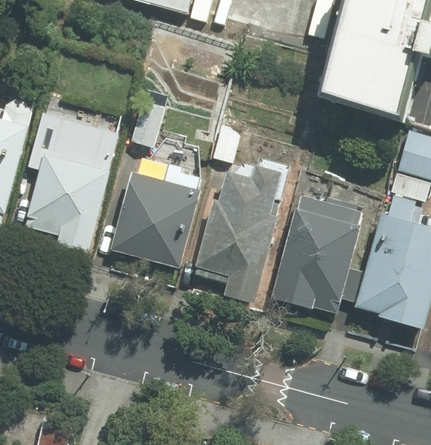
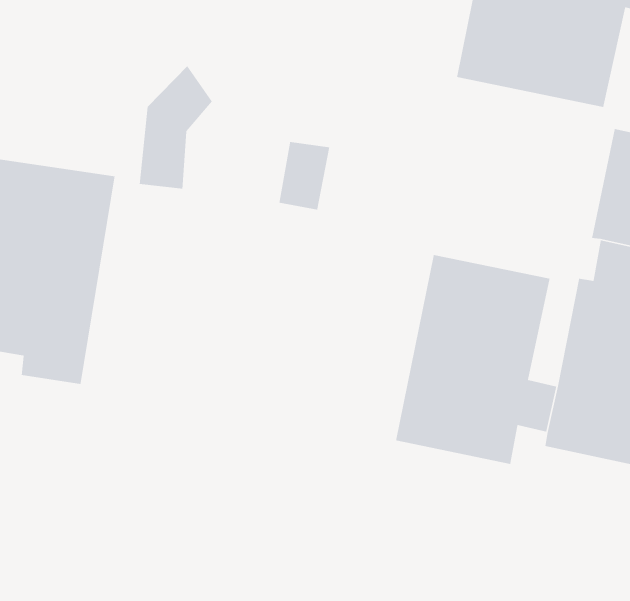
building: [195,164,290,303] -> none
building: [111,167,204,268] -> none

